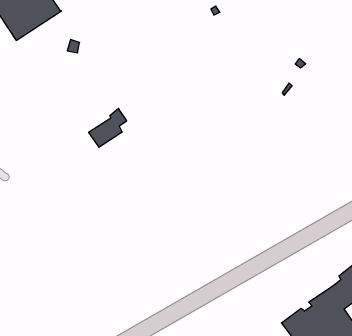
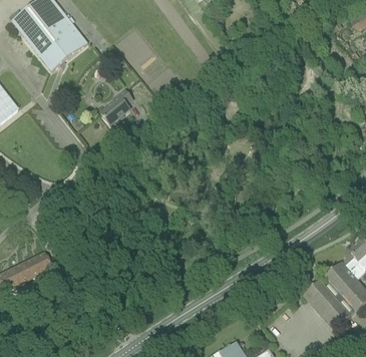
building: [89,108,127,147] -> [100,87,132,122]

